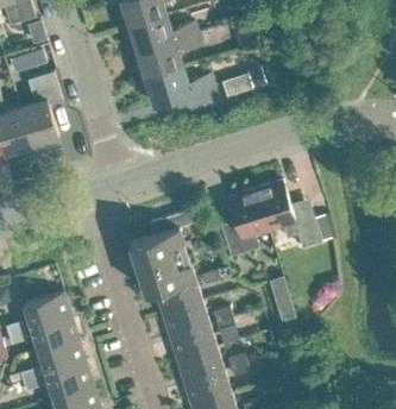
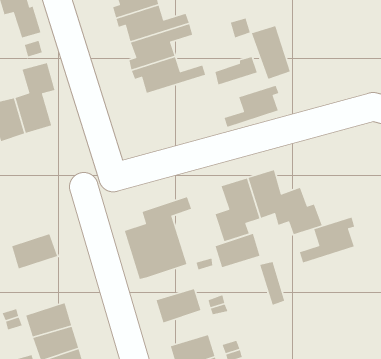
building: none -> [251,25,291,80]
building: none -> [224,85,280,128]
building: none -> [299,216,355,264]
building: [156,277,202,313] -> [215,233,260,268]
building: [24,291,71,328] -> [11,233,58,269]
building: [170,323,216,359] -> none

